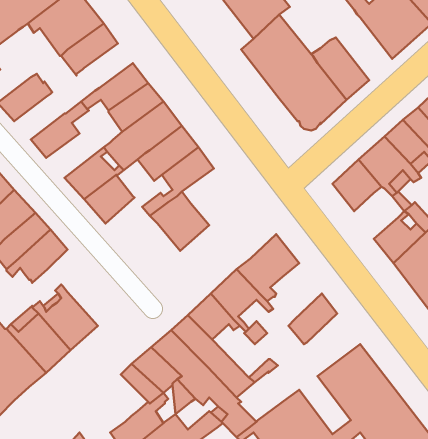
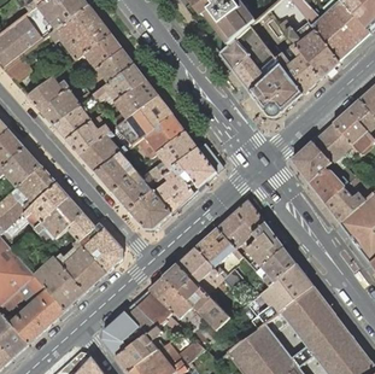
building: none -> [279,21,339,78]
building: none -> [89,49,134,84]
building: none -> [40,89,81,125]
building: none -> [65,121,111,156]
building: none -> [172,148,216,193]
building: none -> [309,168,345,204]
building: none -> [112,171,171,229]
building: none -> [66,212,123,273]
building: none -> [246,223,283,268]
building: none -> [251,263,314,329]
building: none -> [102,311,146,357]

